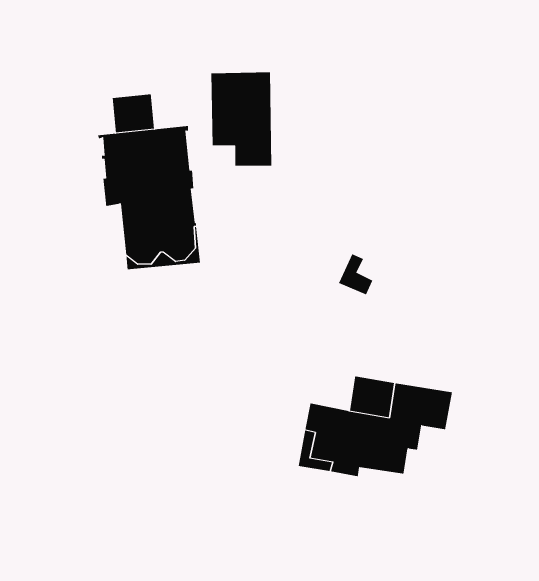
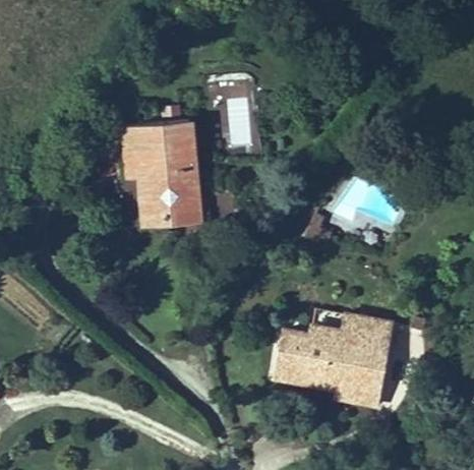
building: [112,93,155,133] -> none
building: none -> [318,348,386,405]

